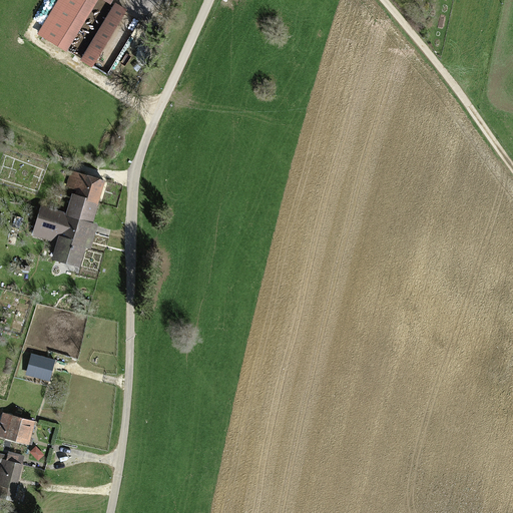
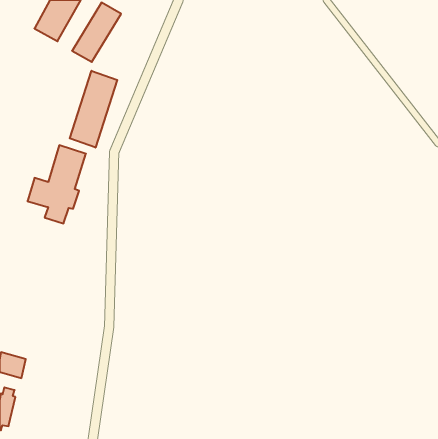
building: none -> [70,71,117,148]
building: [28,356,53,378] -> none

